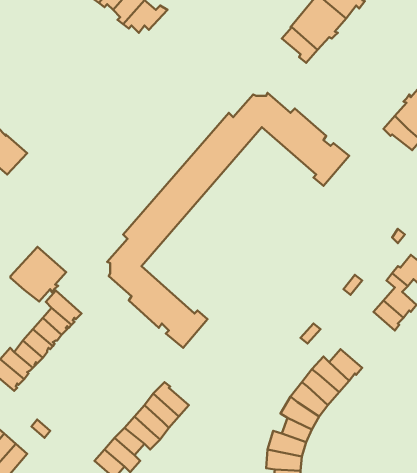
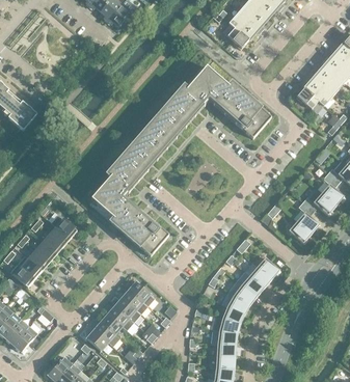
building: [10,247,66,302] -> none

